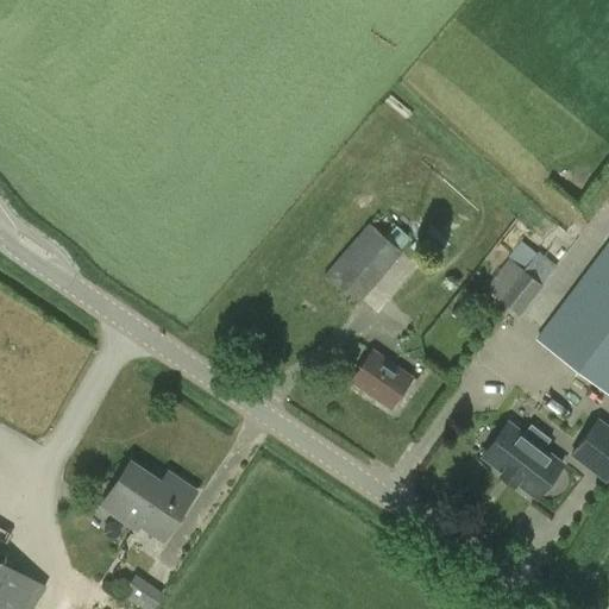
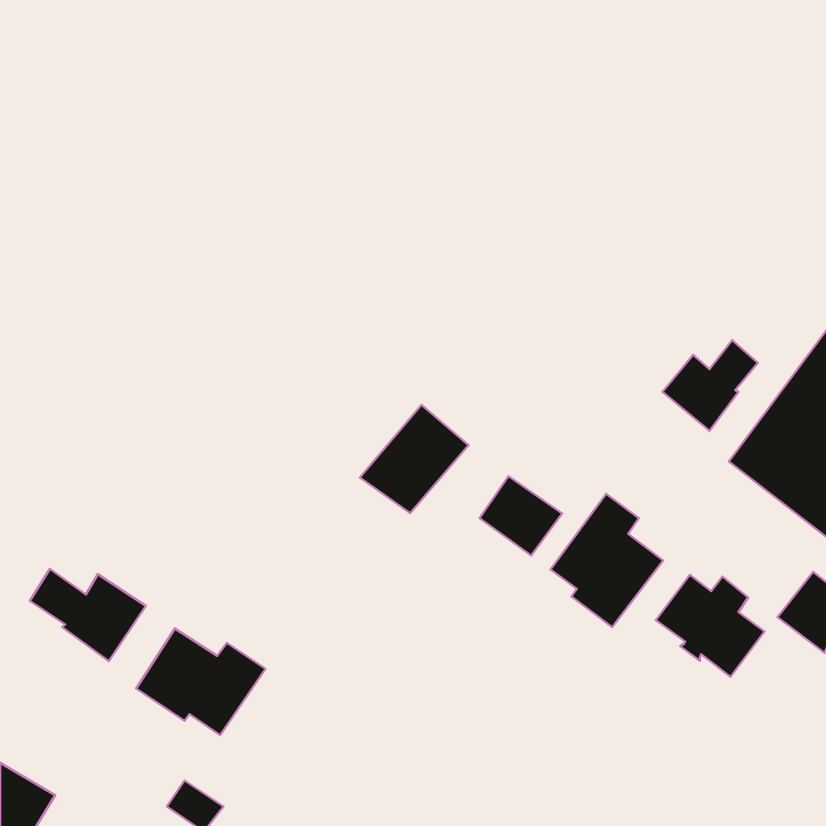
building: [325,224,404,303] -> [360,405,468,513]
building: none -> [550,494,663,627]
building: none -> [30,569,146,661]

